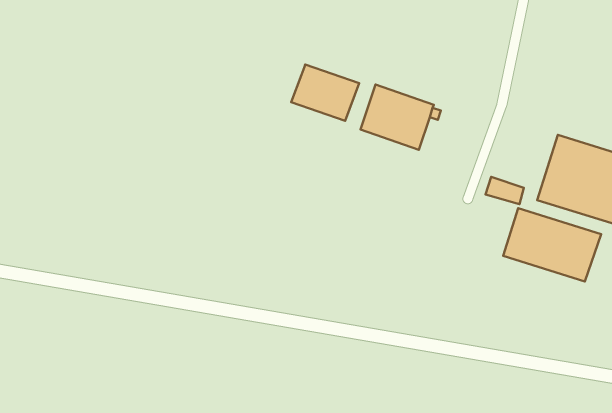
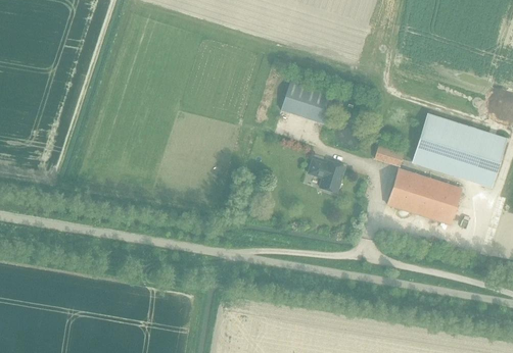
building: [291,64,359,121] -> none
building: none -> [308,160,344,193]

